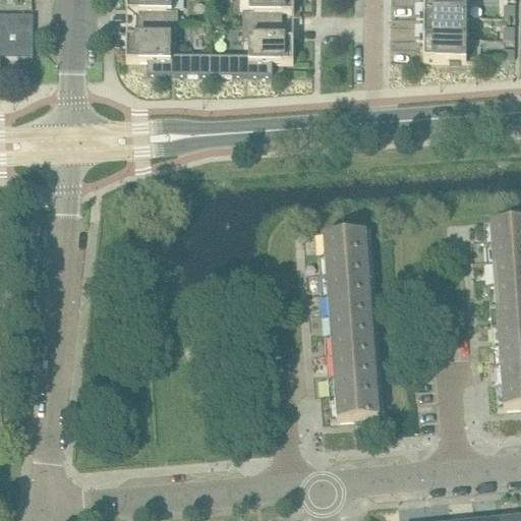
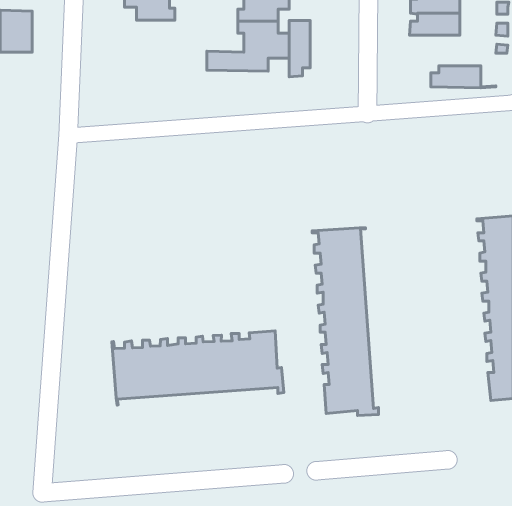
building: [127,20,211,71] -> none
building: none -> [289,20,310,77]
building: [416,36,482,58] -> [431,66,496,88]
building: none -> [112,331,284,405]

